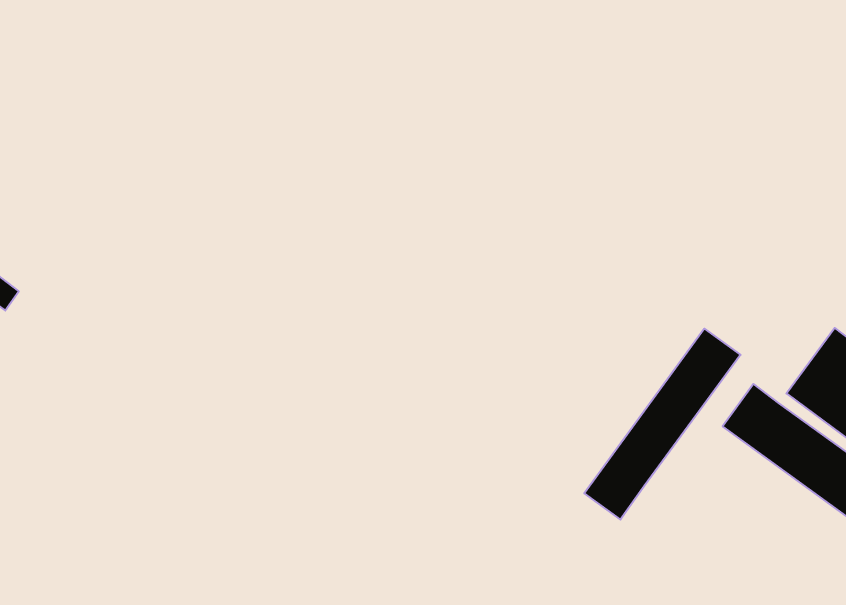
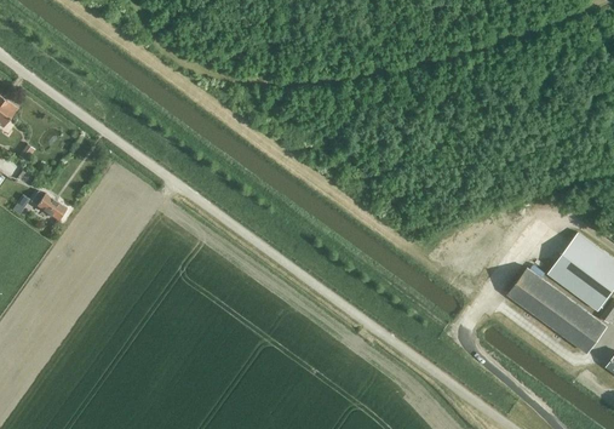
building: [584,329,741,520] -> none

